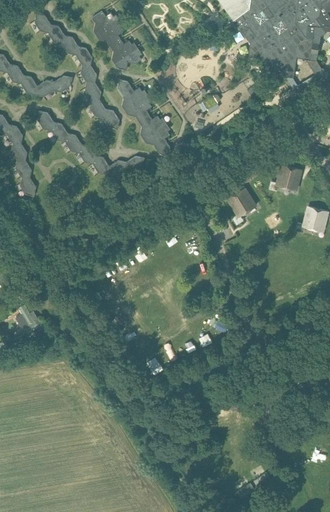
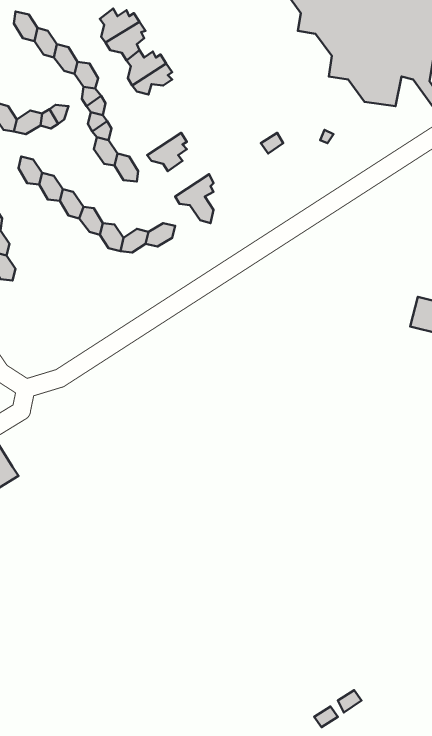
building: [118,80,148,110] -> none
building: [139,114,167,138] -> none
building: [276,164,301,190] -> none
building: [227,188,256,216] -> none

